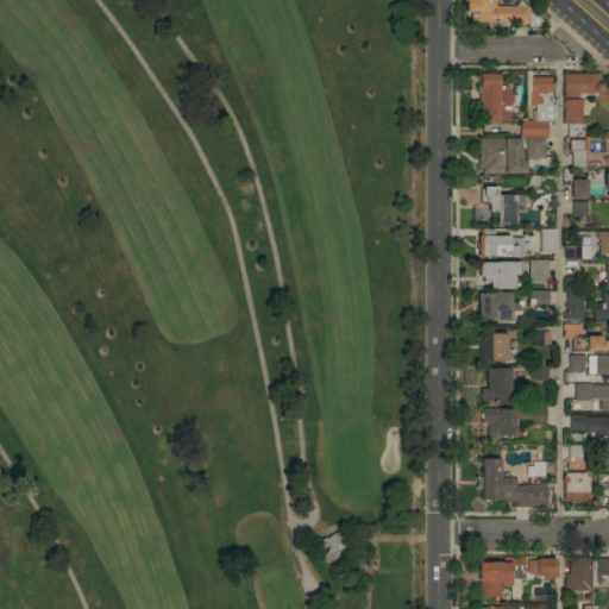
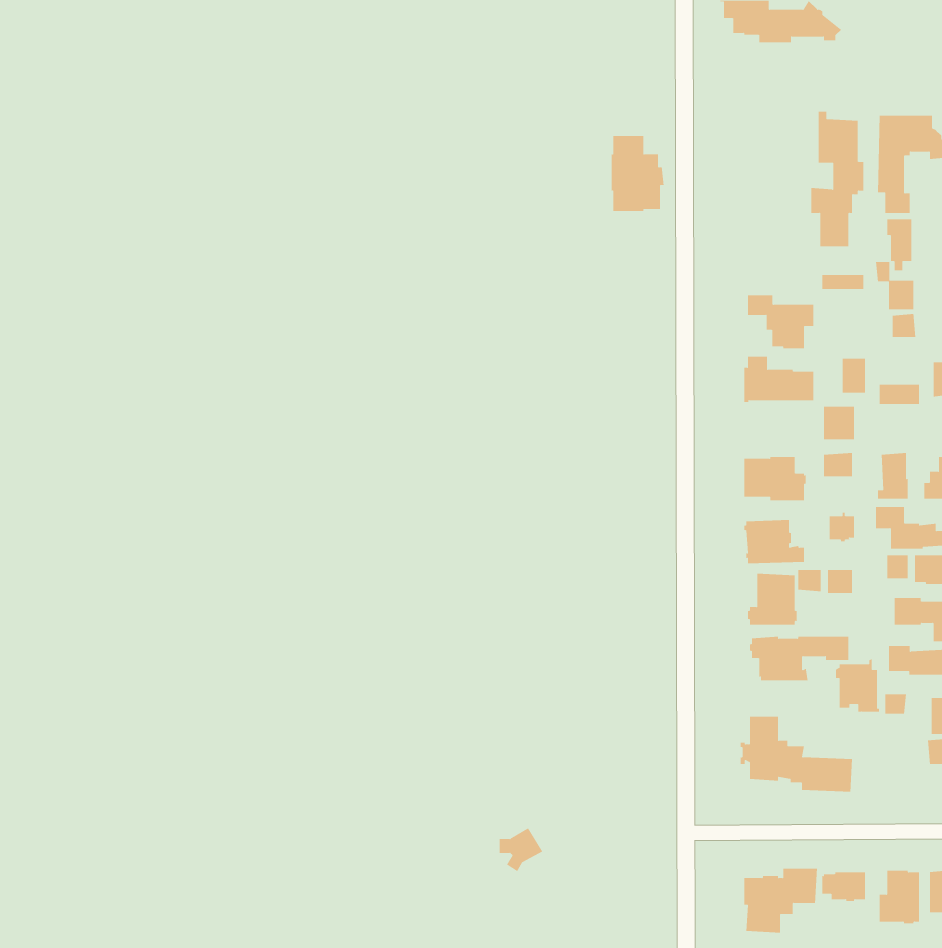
building: [482,74,516,123] -> [611,135,664,212]
building: [481,138,529,174] -> none
building: [481,262,525,289] -> none
building: [565,470,594,504] -> [835,658,880,712]

